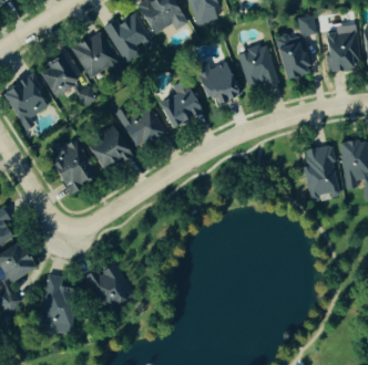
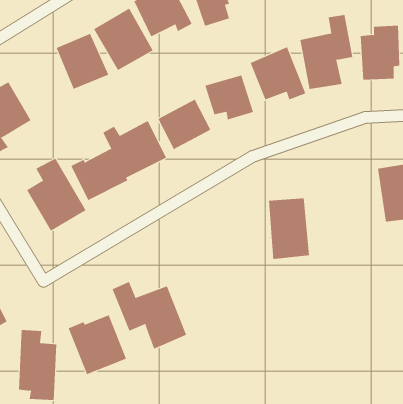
building: [41,52,79,96] -> none
building: [305,145,339,196] -> [268,198,310,260]
building: none -> [112,281,187,349]

